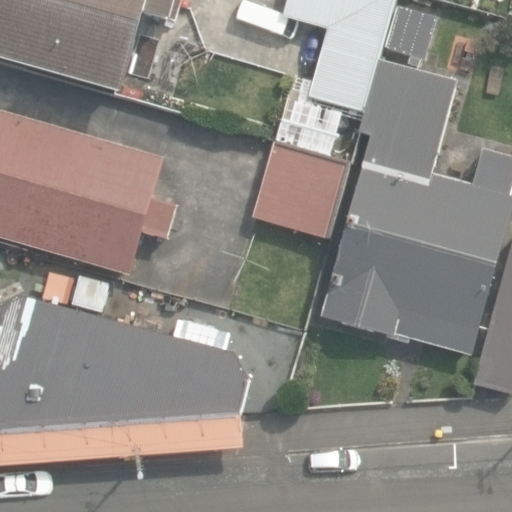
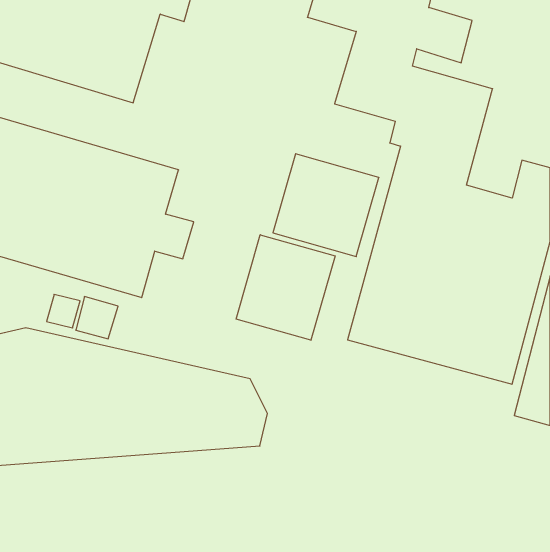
building: none -> [236,235,335,340]

